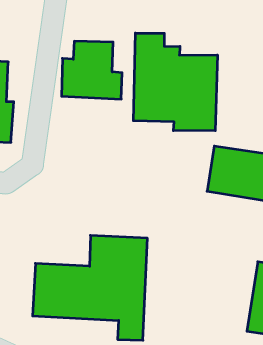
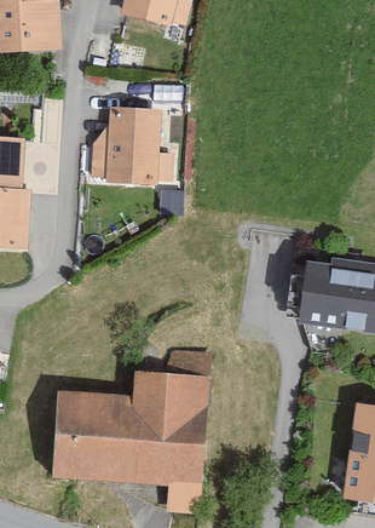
building: [133,33,217,131] -> none

